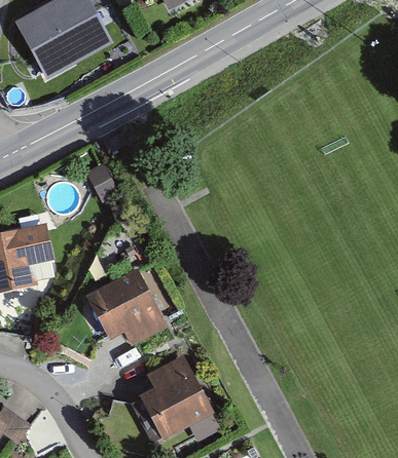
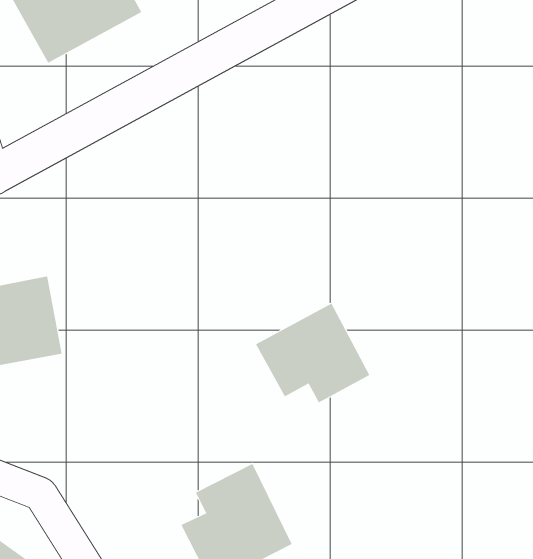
building: [83,272,164,342] -> [255,303,370,403]

